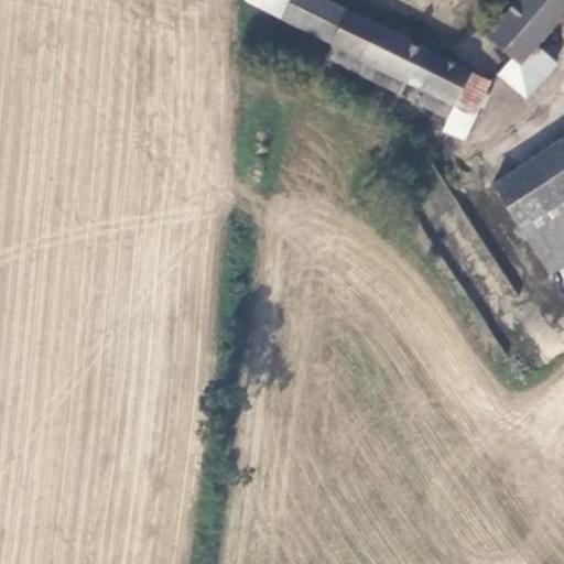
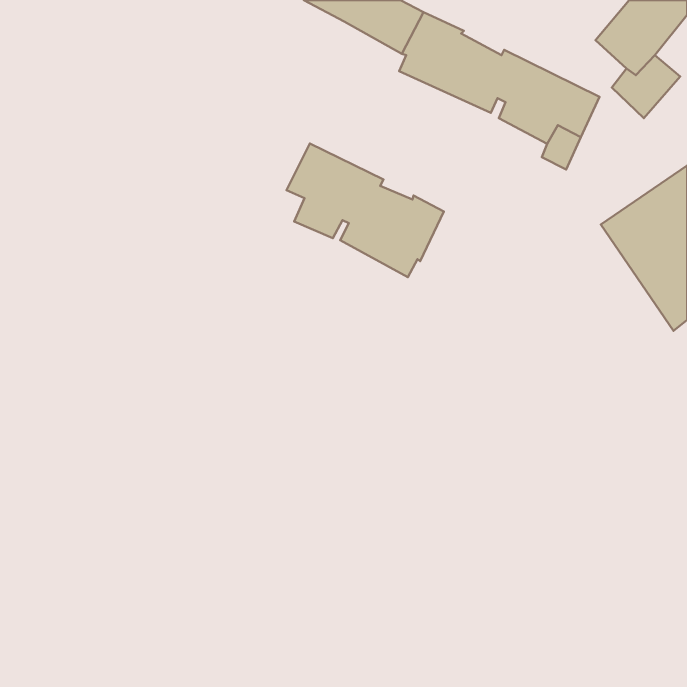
building: none -> [286,144,444,277]

